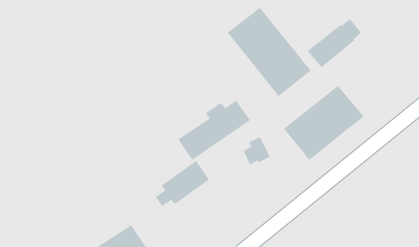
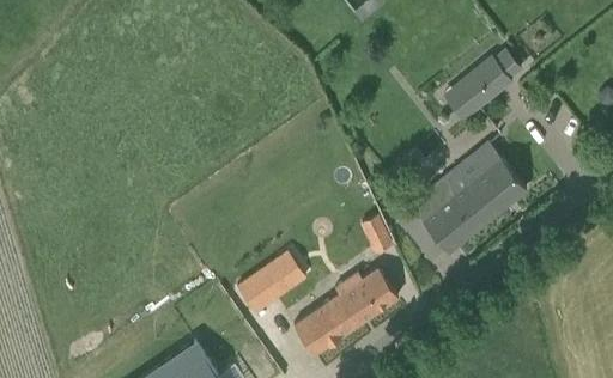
building: [227,7,312,98] -> none
building: [177,100,251,161] -> [293,268,397,354]

